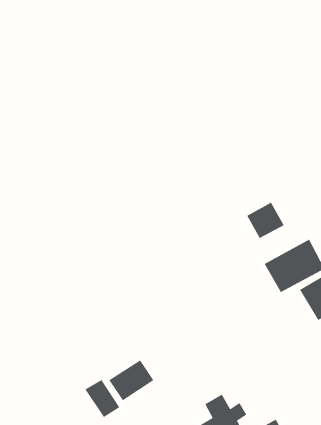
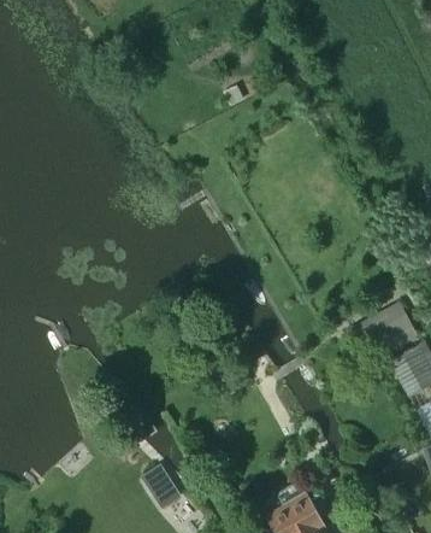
building: [247,202,284,239] -> none
building: [109,359,154,401] -> none

